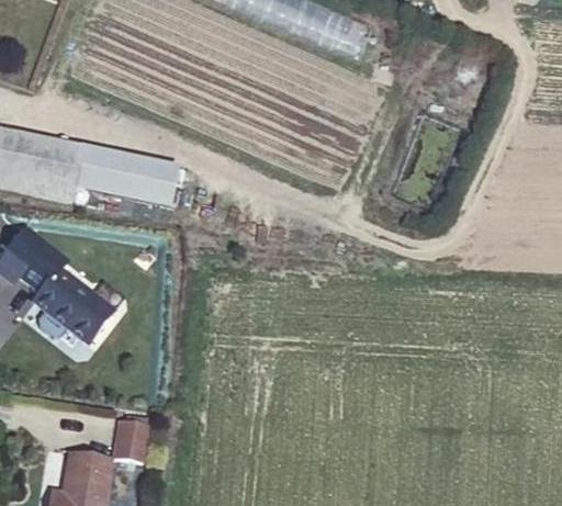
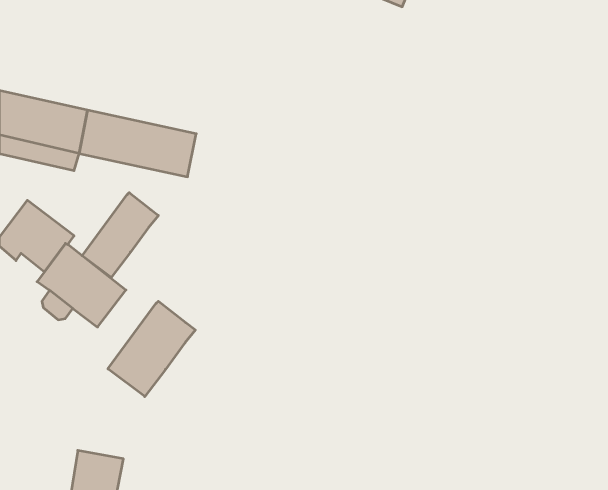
building: none -> [82,193,158,277]
building: none -> [108,301,195,397]
building: [113,417,147,457] -> none

